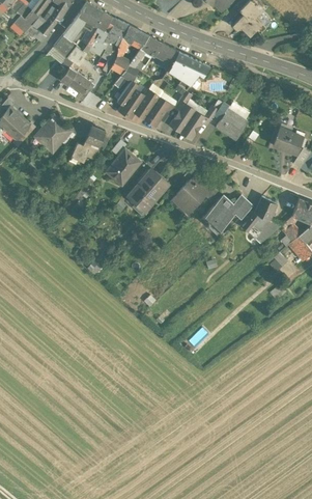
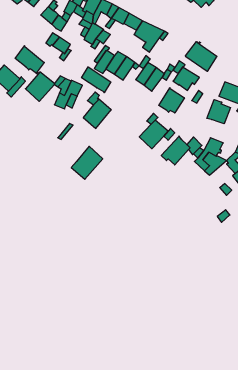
building: none -> [185,42,217,71]
building: none -> [15,46,44,73]
building: none -> [82,67,111,93]
building: none -> [159,88,184,113]
building: none -> [207,100,230,124]
building: [130,170,168,211] -> [71,146,103,179]

